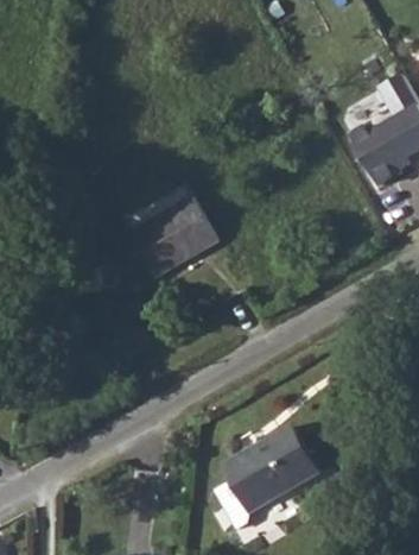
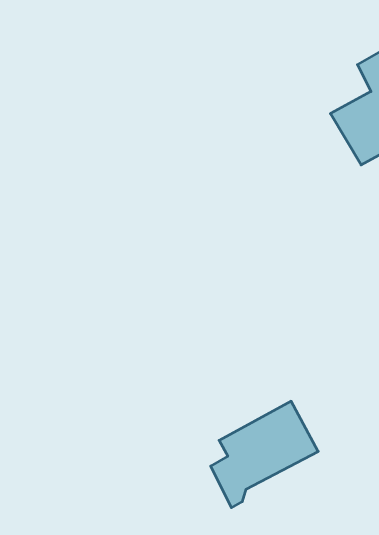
building: [116,190,205,270] -> none

